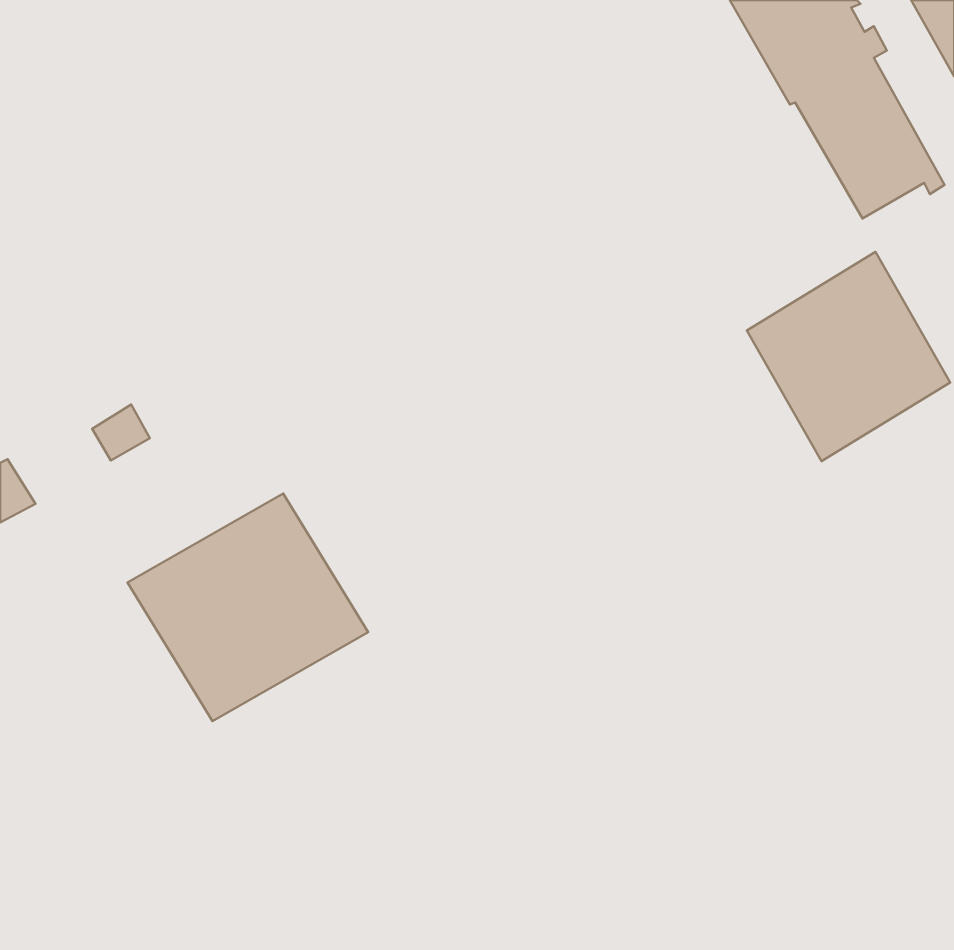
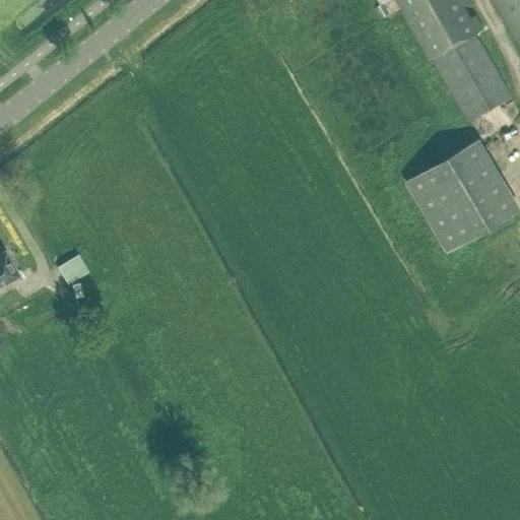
building: [92,404,150,460] -> [57,254,88,284]
building: [128,494,368,721] -> none

